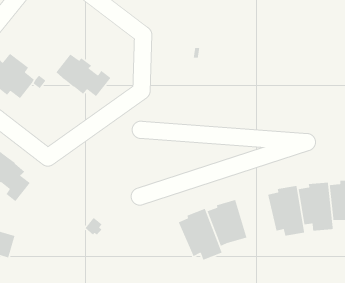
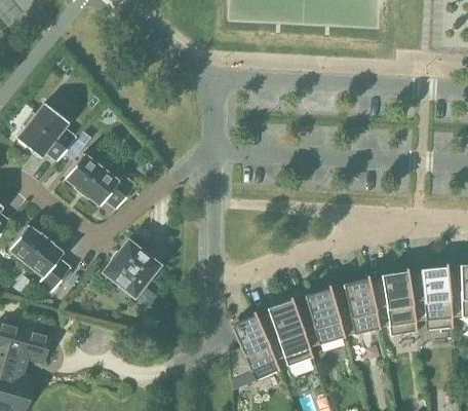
building: [55,53,112,97] -> [65,154,135,210]
building: none -> [102,239,160,298]
building: none -> [327,273,380,338]
building: none -> [229,310,279,381]

